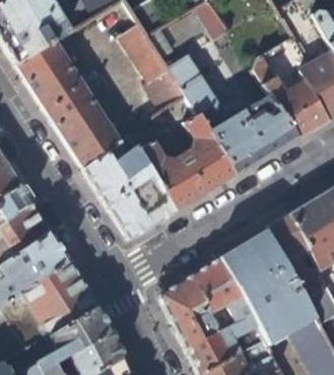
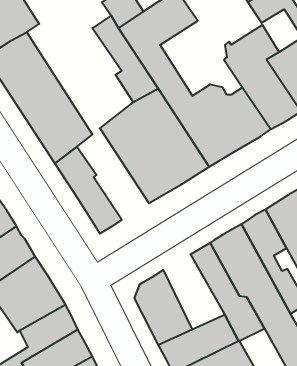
building: [108,135,178,225] -> none
building: [192,258,252,331] -> none

